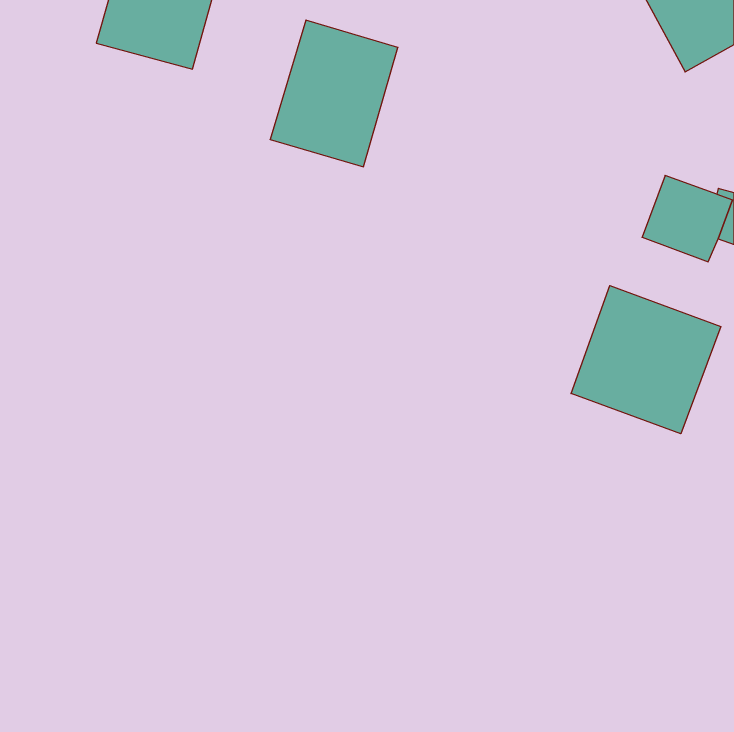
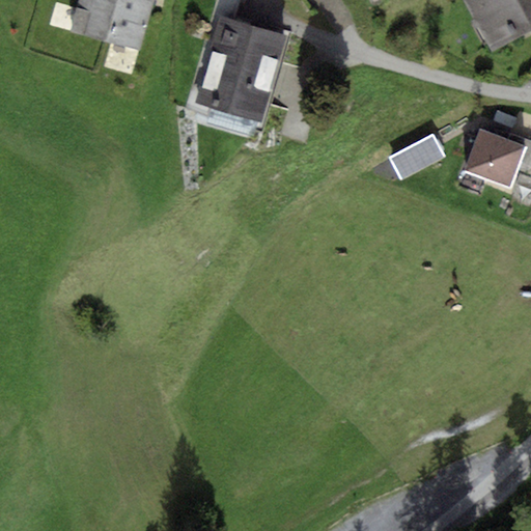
building: none -> [388,131,447,180]
building: [571,286,721,434] -> none

